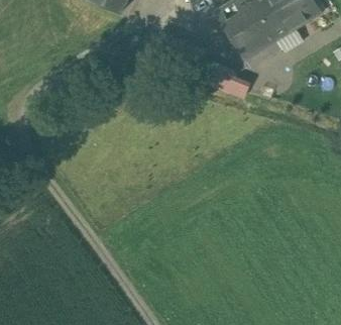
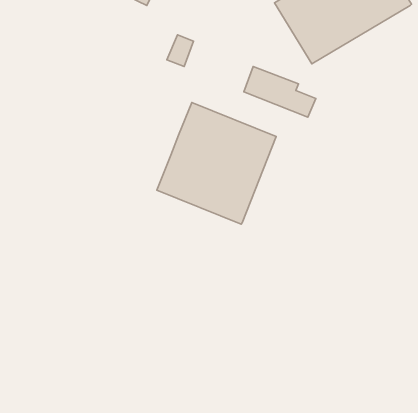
building: none -> [157,103,276,224]

